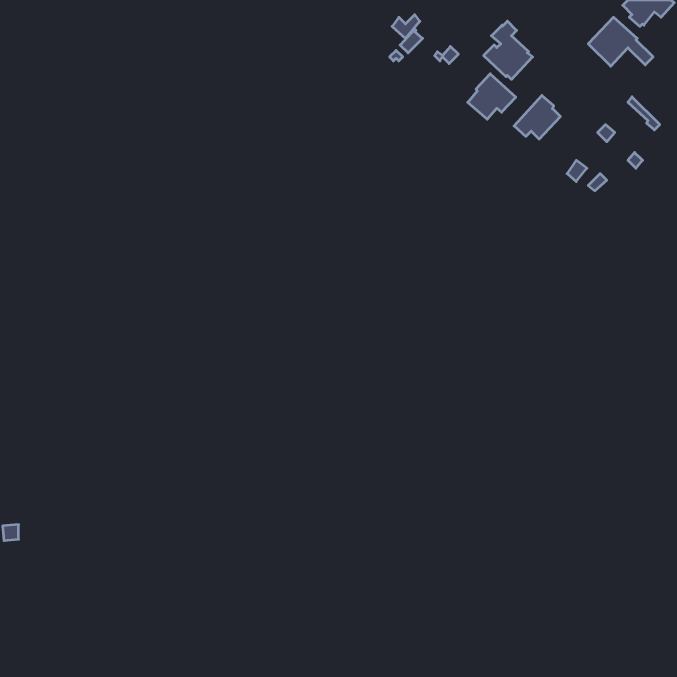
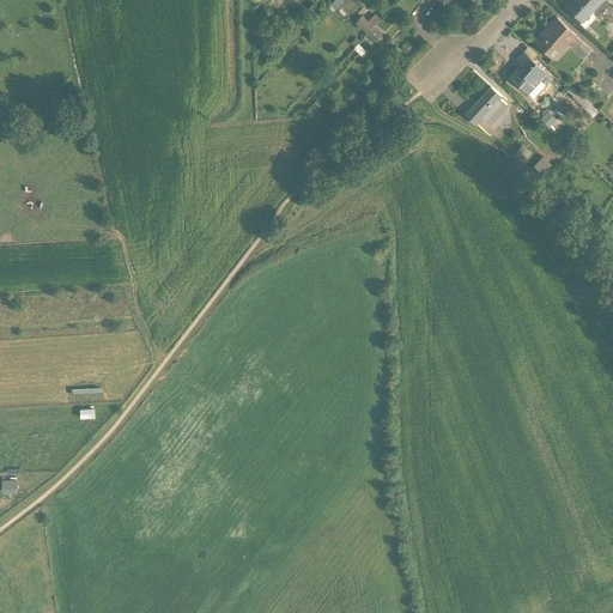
building: [484,21,533,79] -> [506,45,551,98]
building: [468,74,516,119] -> none

